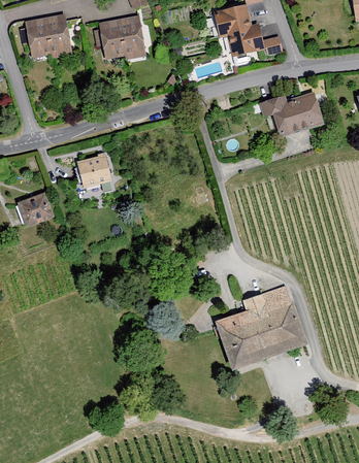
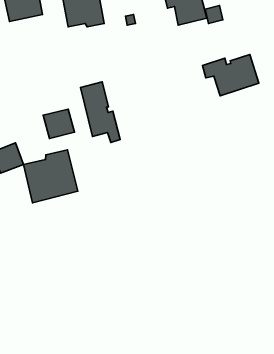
building: none -> [80,82,120,142]
building: none -> [24,150,78,203]
building: [219,287,304,365] -> none

